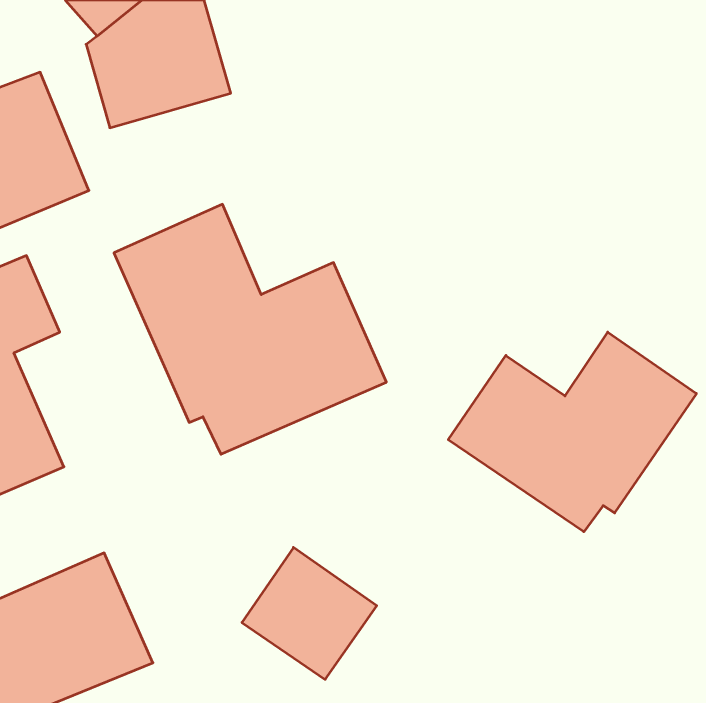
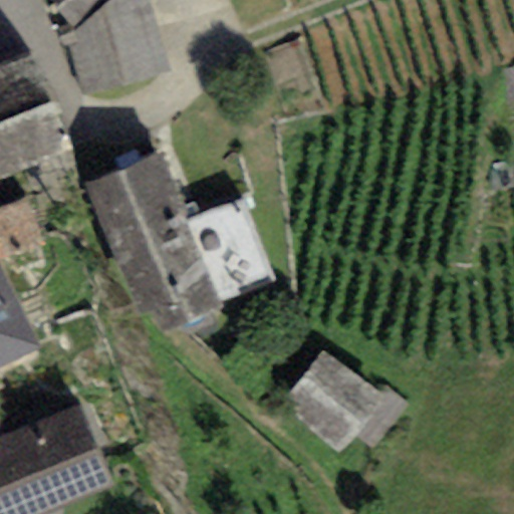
building: [448,332,696,532] -> none
building: [242,547,377,679] -> [277,353,374,449]

